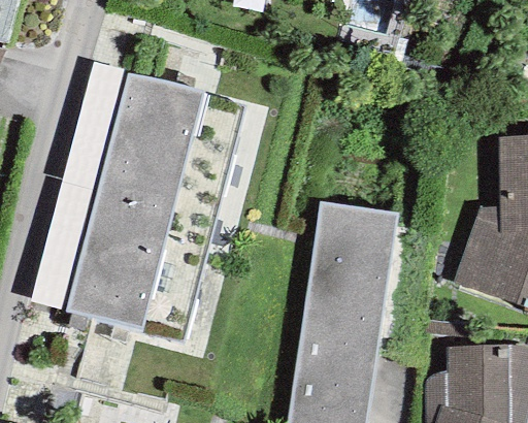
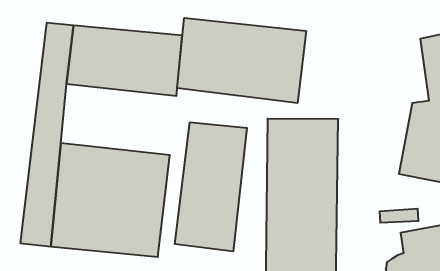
building: none -> [177,18,306,103]
building: [90,133,224,227] -> none
building: none -> [175,122,247,251]

